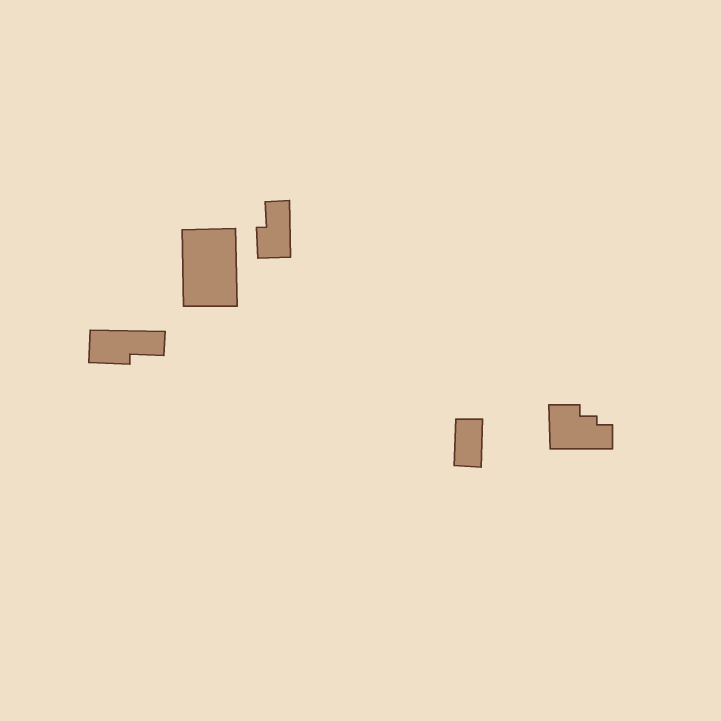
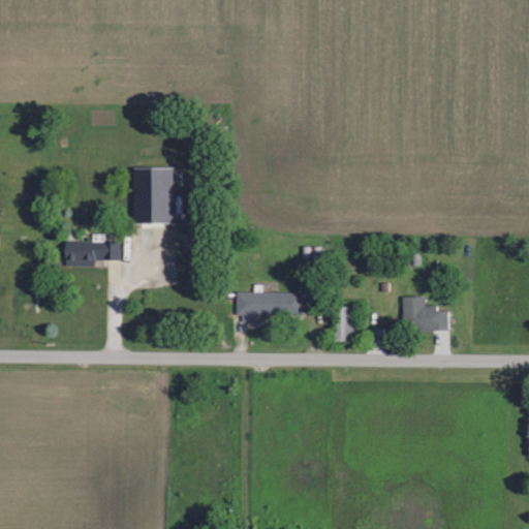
building: [257,201,290,258] -> none
building: none -> [238,292,305,318]

